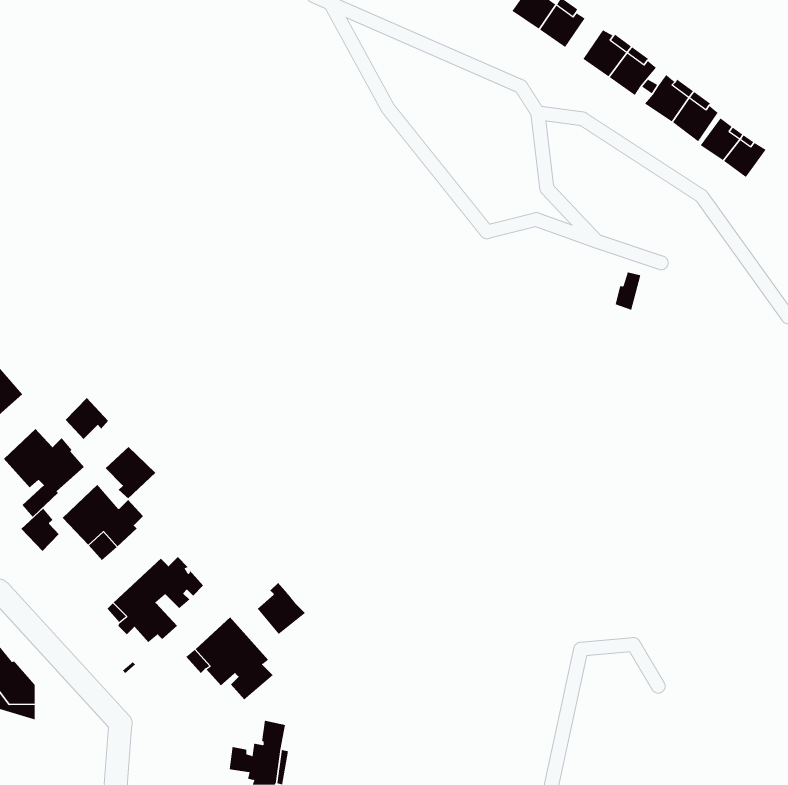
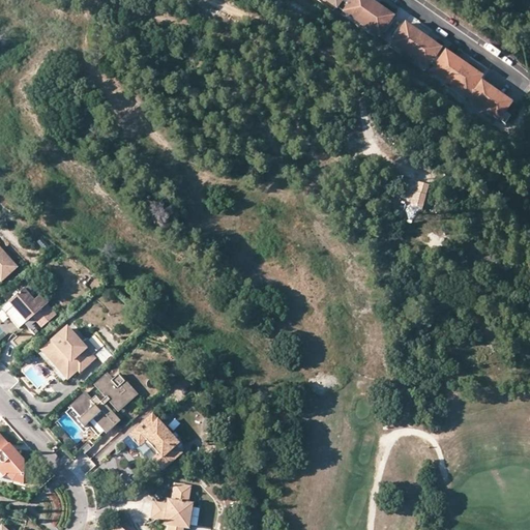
building: [65,397,109,440] -> none
building: [105,446,156,499] -> none
building: [21,508,60,552] -> none
building: [257,582,306,635] -> none

